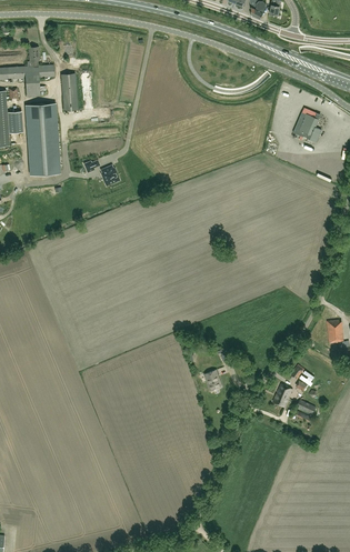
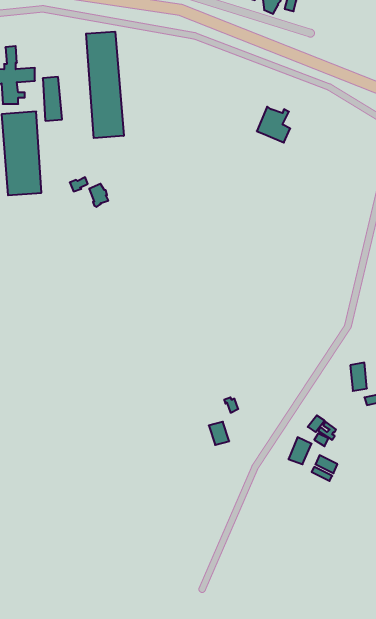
building: none -> [86,32,124,138]
building: [293,112,322,143] -> [257,107,290,143]

